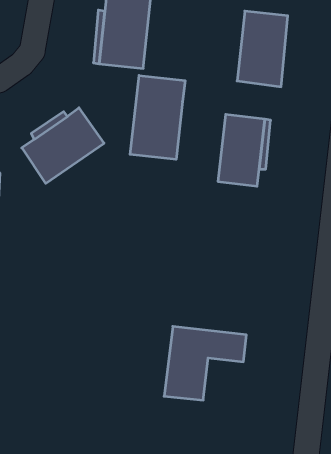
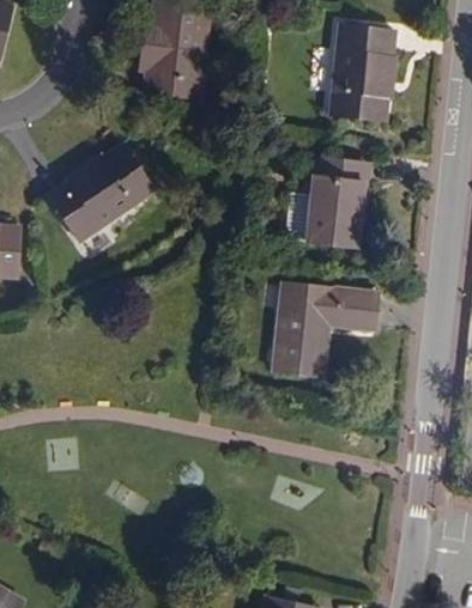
building: [130,75,185,159] -> none
building: [164,326,246,400] -> [268,282,371,375]

